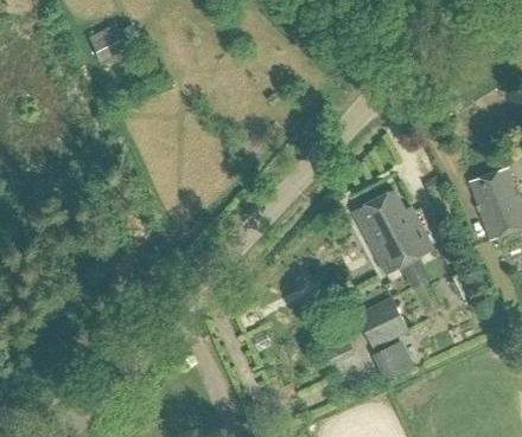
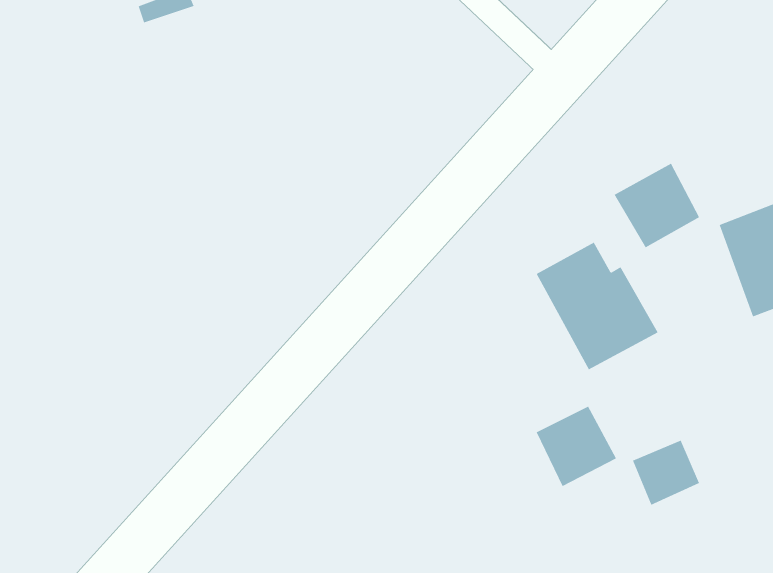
building: none -> [614,163,700,248]
building: [371,336,414,378] -> [632,440,700,506]

